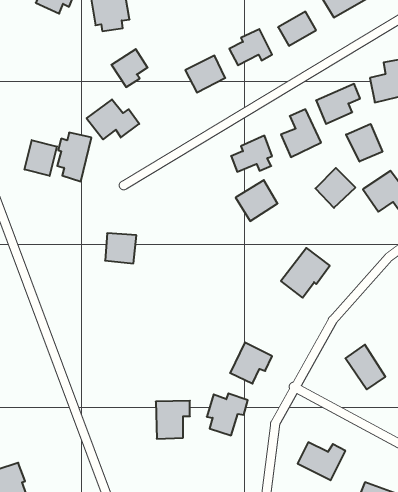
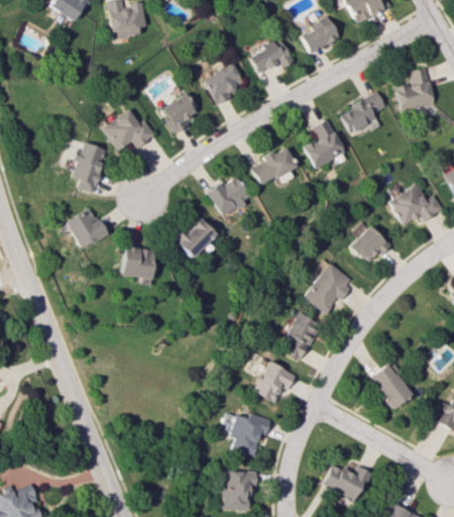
building: [111,49,148,87] -> [162,93,200,132]
building: [346,124,382,162] -> none
building: [25,140,57,176] -> none
building: [315,168,355,208] -> [350,224,391,266]
building: [236,180,278,221] -> [207,175,250,217]
building: none -> [67,208,106,248]
building: none -> [174,216,216,257]
building: none -> [283,313,319,360]
building: [156,401,190,439] -> [220,471,255,510]

